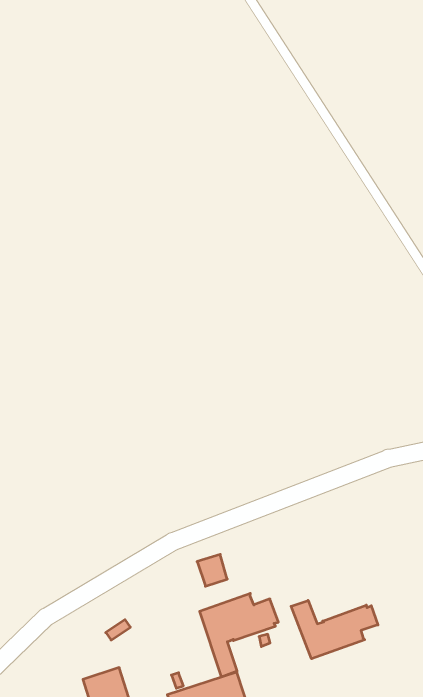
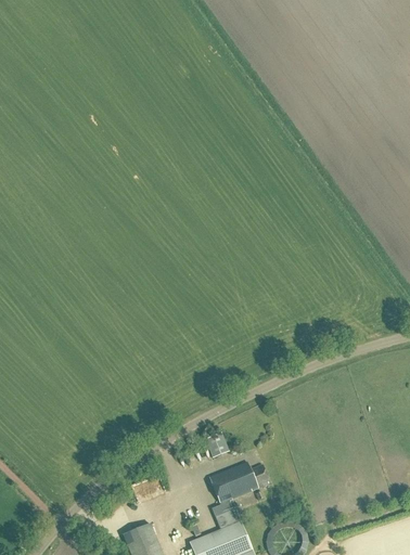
building: [291,600,378,659] -> none

